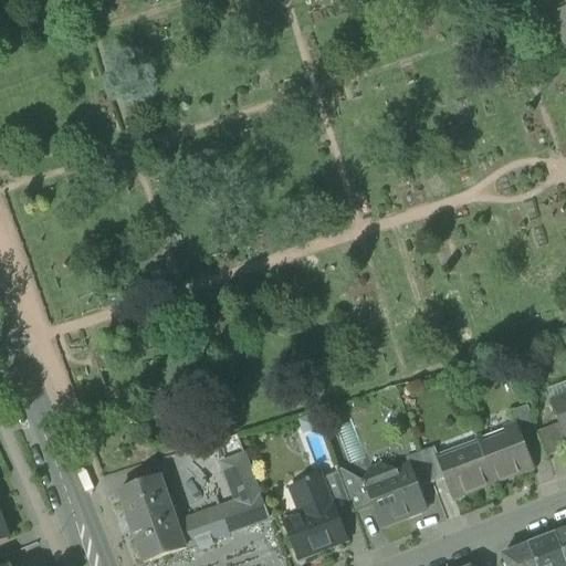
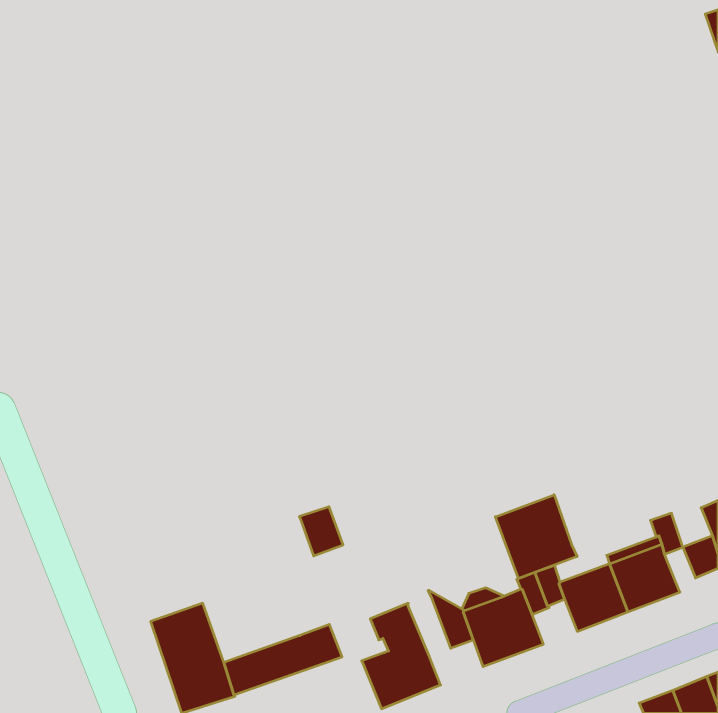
building: none -> [495,495,577,579]
building: [224,461,259,500] -> [299,507,343,556]
building: [321,469,354,516] -> none

